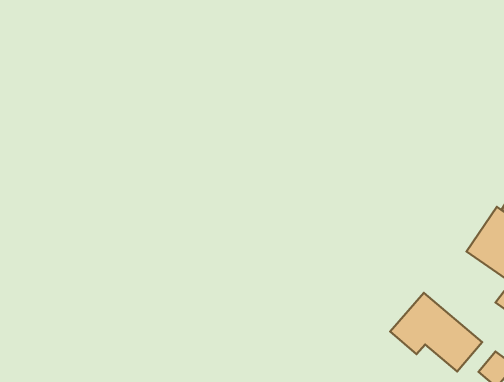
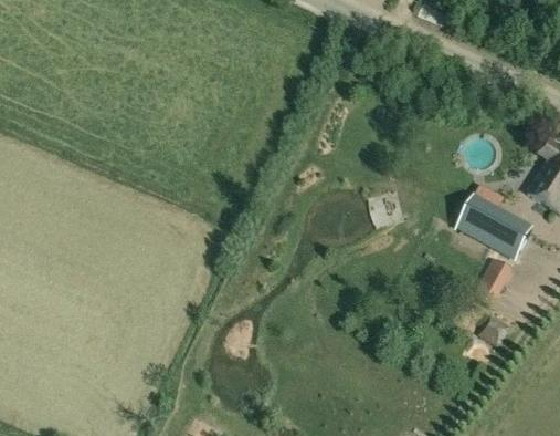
building: [390,293,482,372] -> none

